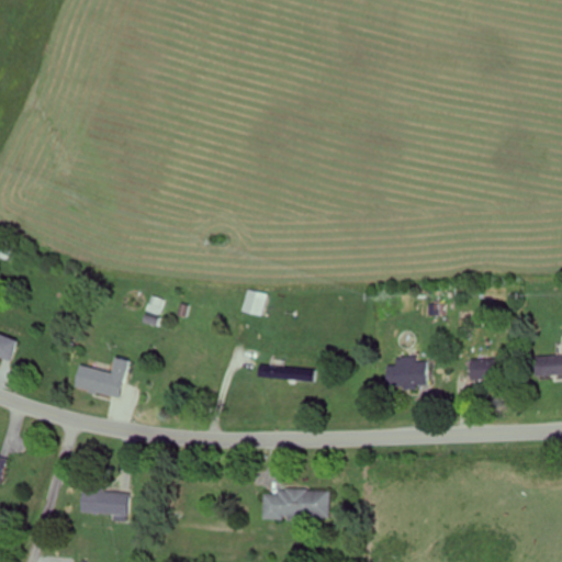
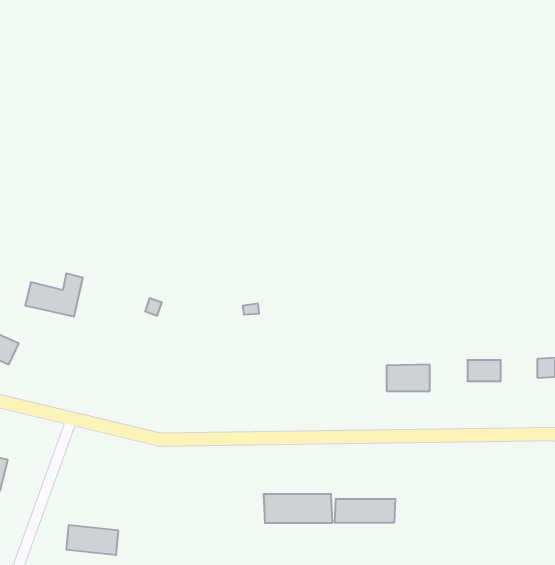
building: [72,356,130,398] -> [25,273,83,317]
building: [81,487,133,517] -> [66,525,118,555]
building: none -> [335,499,395,523]

